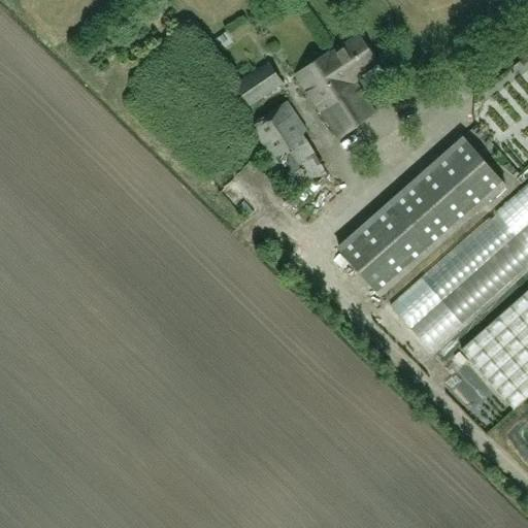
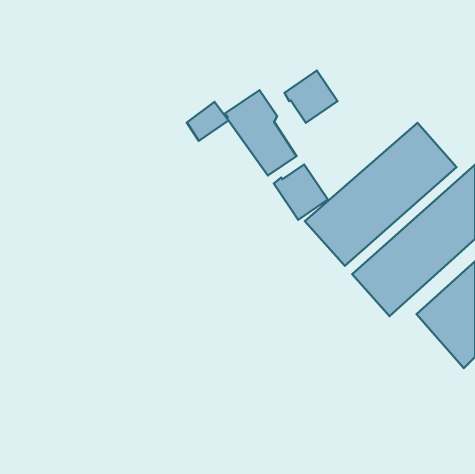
building: [295,34,377,103] -> none
building: [237,62,284,105] -> [187,102,229,141]
building: none -> [274,164,328,220]

